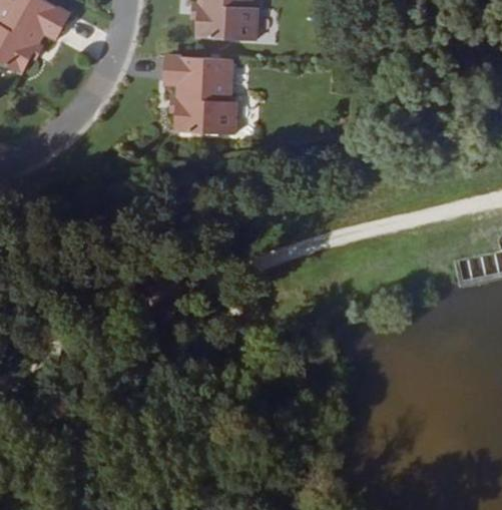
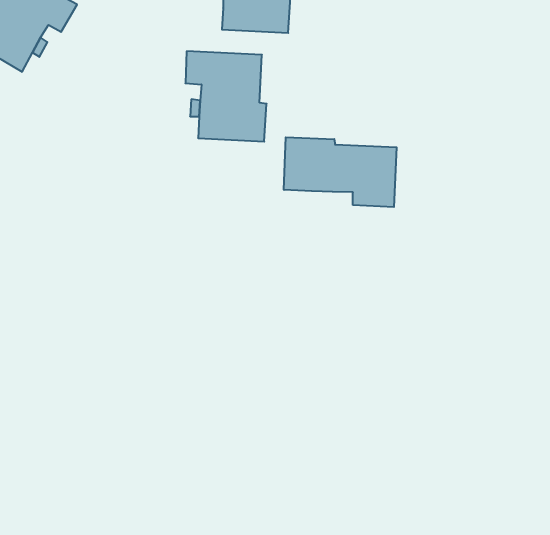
building: none -> [284,137,397,207]

